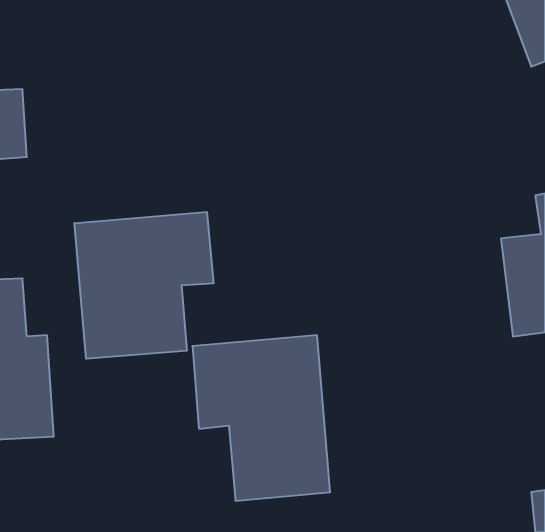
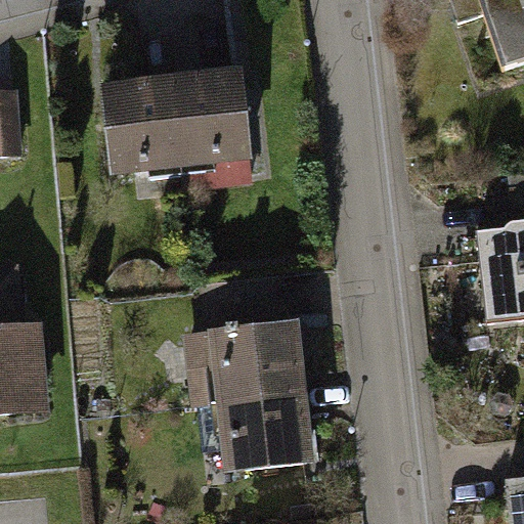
building: none -> [98,72,251,177]
building: [74,212,214,359] -> none

